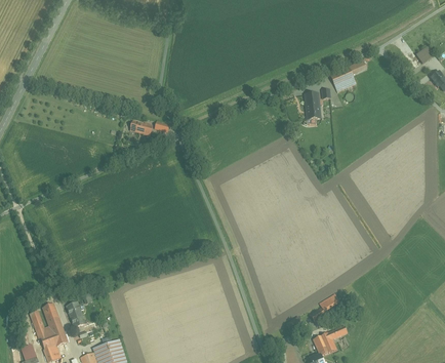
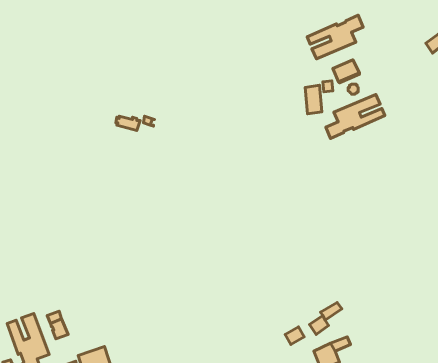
building: none -> [307,15,363,59]
building: none -> [326,94,385,139]

